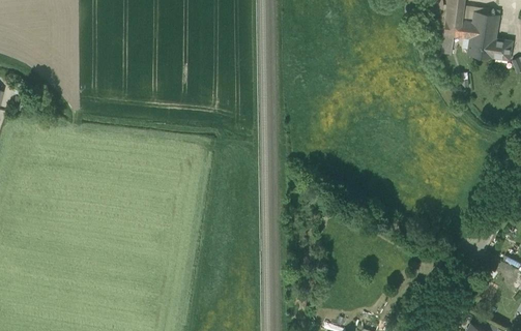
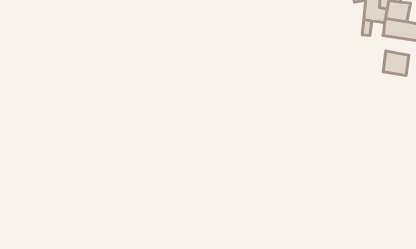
building: none -> [383,51,409,75]

